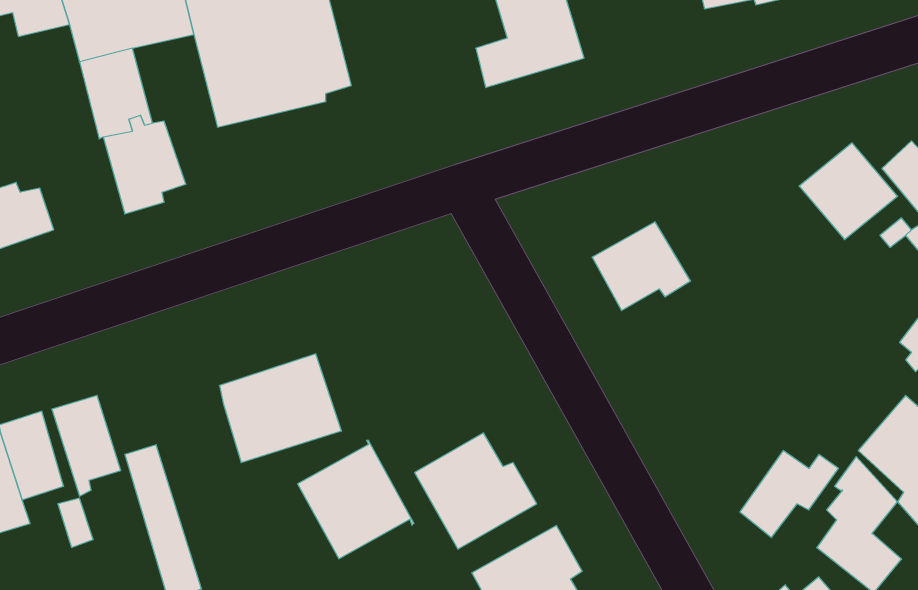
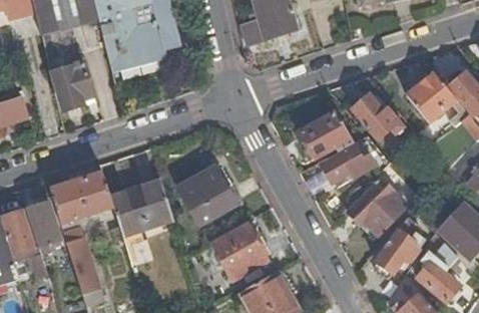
building: none -> [353,95,404,137]
building: none -> [322,135,389,183]
building: none -> [50,172,114,223]
building: none -> [348,178,407,234]
building: [298,440,414,559] -> [178,165,237,225]

